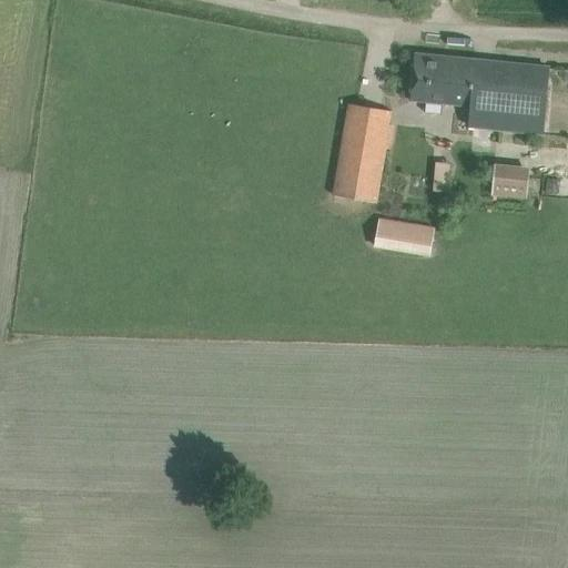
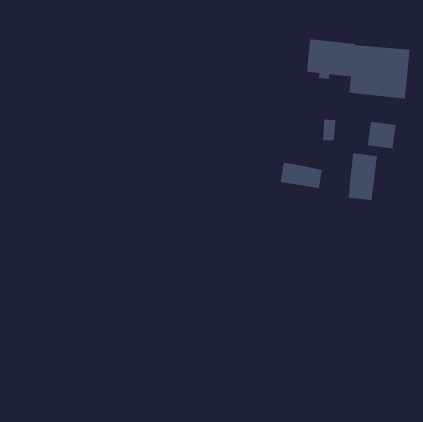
building: [333,101,389,201] -> none
building: none -> [348,152,377,201]

